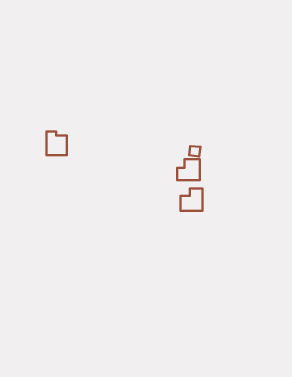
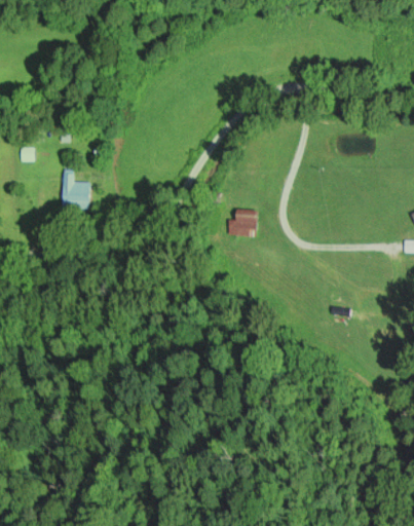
building: [180,189,202,211] -> none

